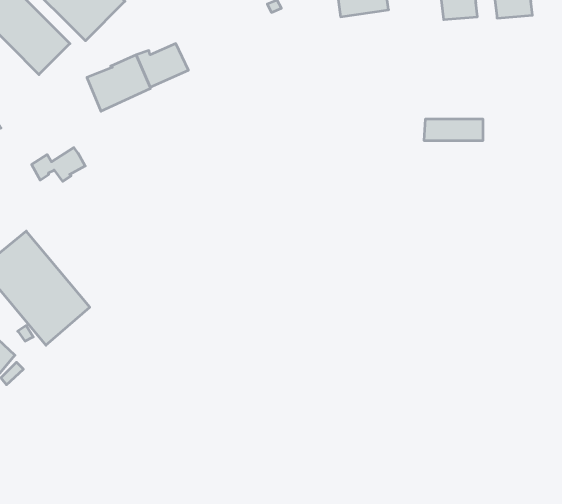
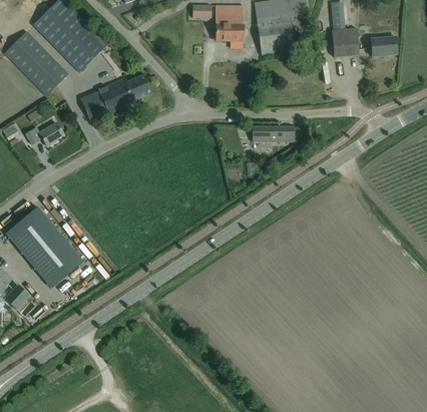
building: [424,119,483,140] -> [252,126,294,141]
building: [32,148,85,181] -> [25,121,63,145]

